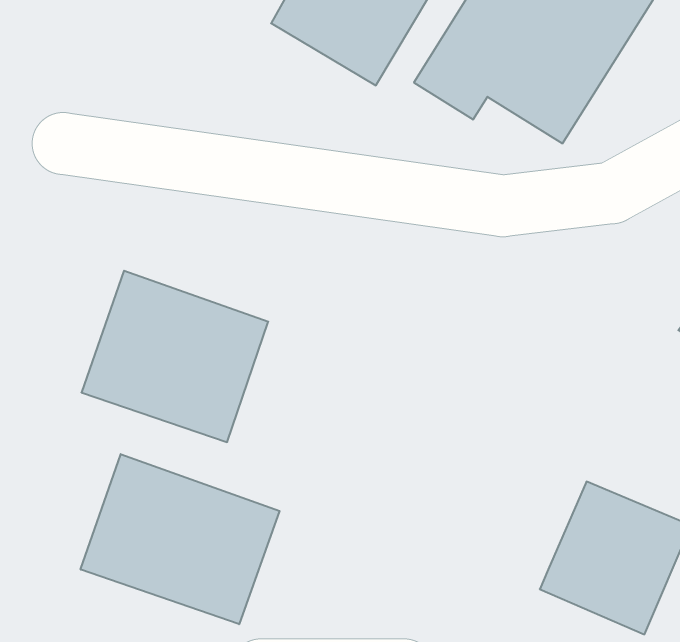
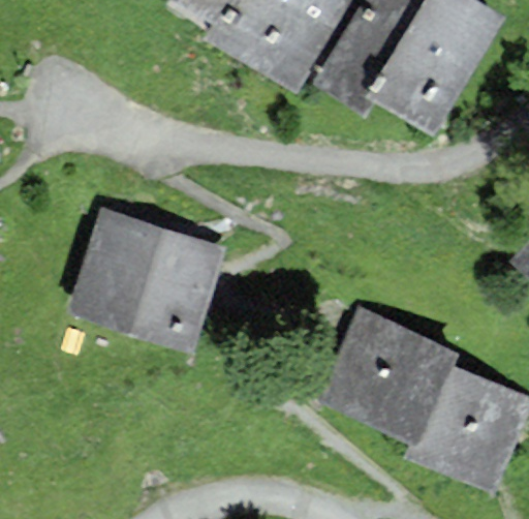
building: none -> [334,319,459,438]
building: [81,454,280,624] -> none

